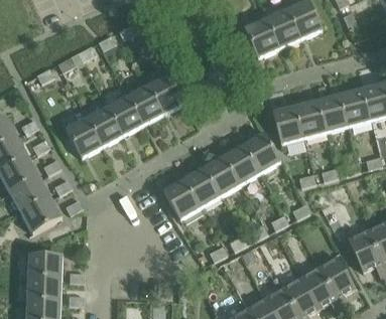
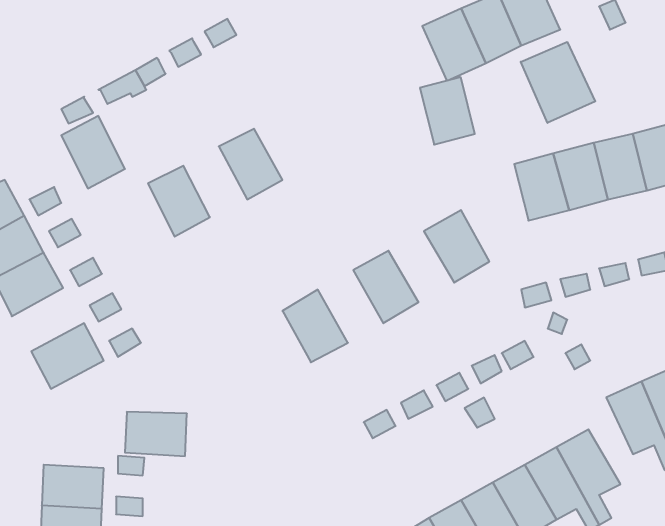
building: none -> [521,42,595,123]
building: [147,74,184,115] -> none
building: [107,96,143,136] -> none
building: [272,106,303,144] -> [420,77,475,145]
building: [66,117,102,158] -> [61,116,125,188]
building: [224,144,261,184] -> none
building: [183,166,221,207] -> none
building: [9,176,50,212] -> none
building: [27,254,62,279] -> [125,412,187,456]

